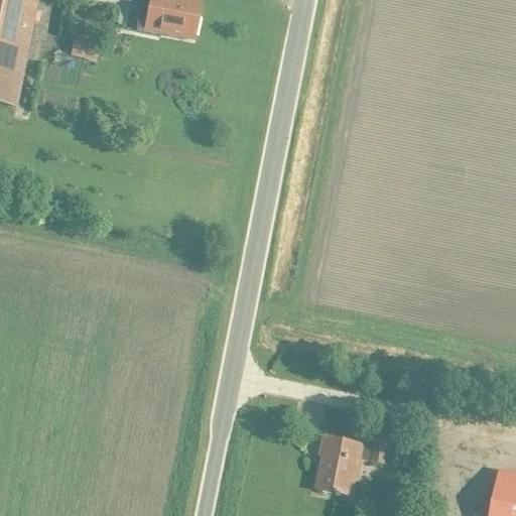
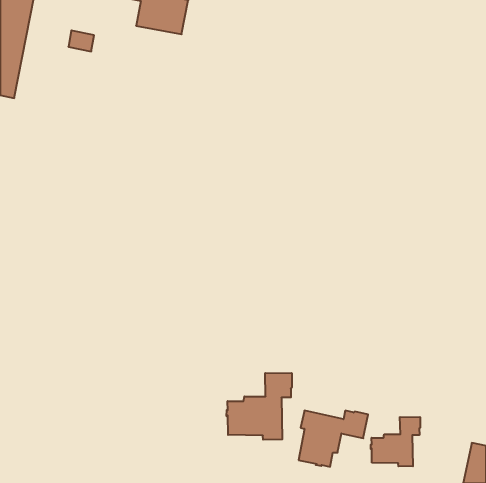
building: none -> [227,373,292,440]
building: none -> [371,417,420,466]

